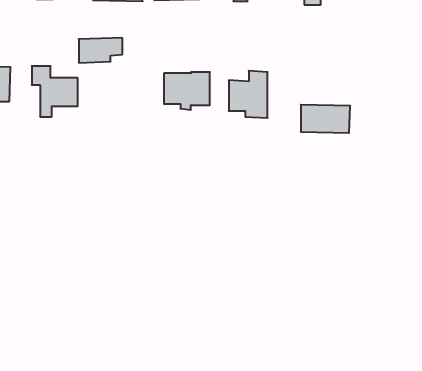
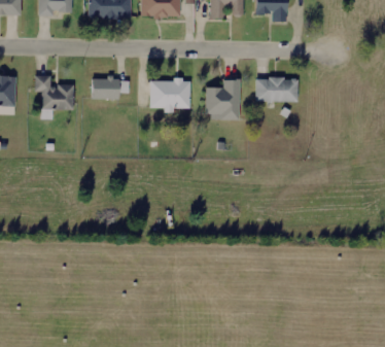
building: [79,38,122,63] -> [91,77,129,99]
building: [301,105,350,133] -> [255,77,299,102]

